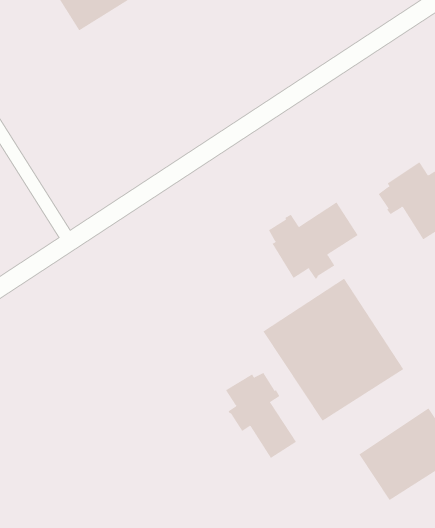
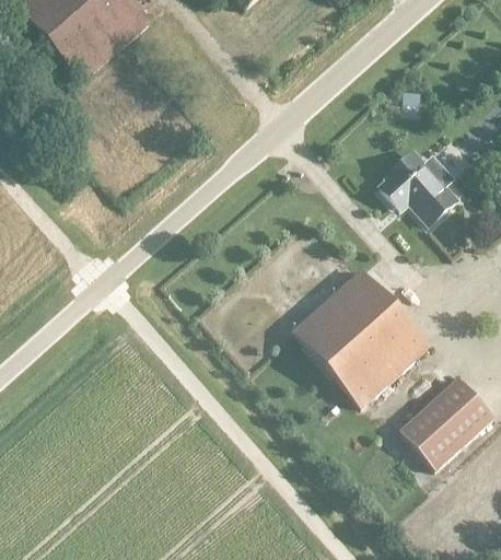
building: [268,202,359,280] -> none
building: [225,372,297,459] -> none

